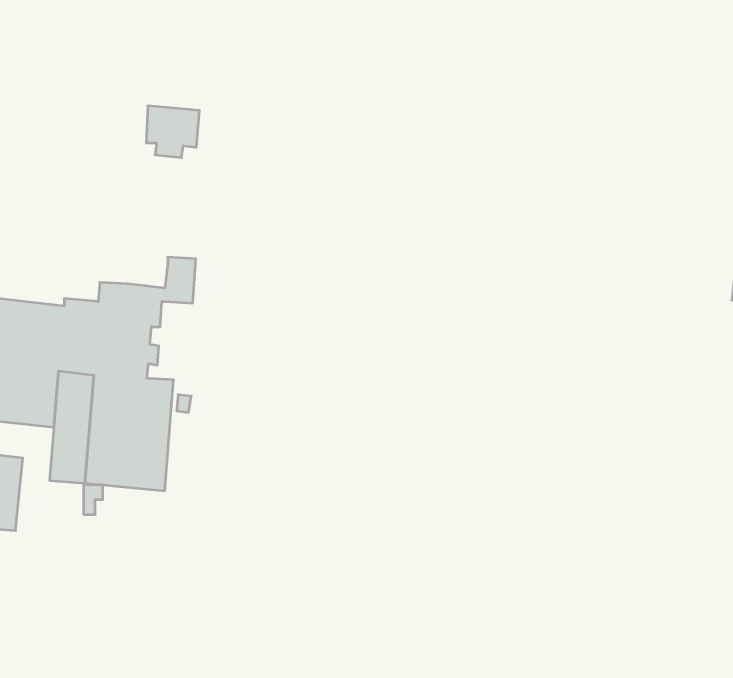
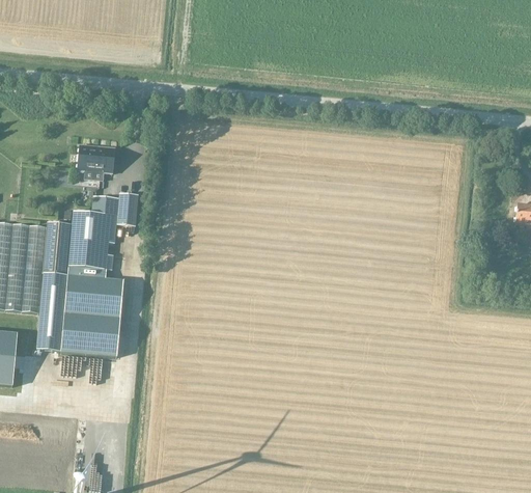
building: [146,106,199,158] -> [78,143,115,180]
building: none -> [91,194,119,214]

